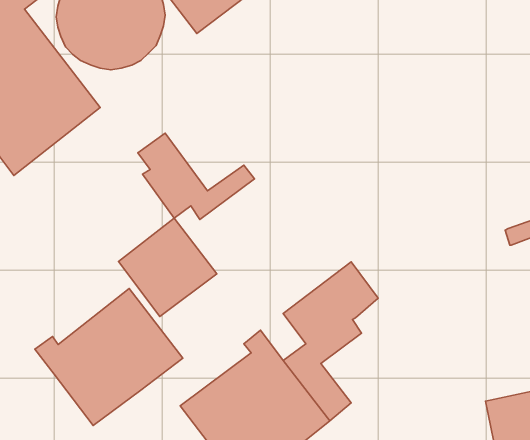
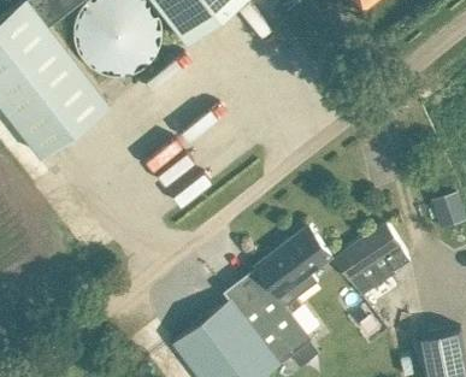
building: [118,218,217,316] -> none
building: none -> [332,226,409,298]
building: [35,289,183,426] -> none

